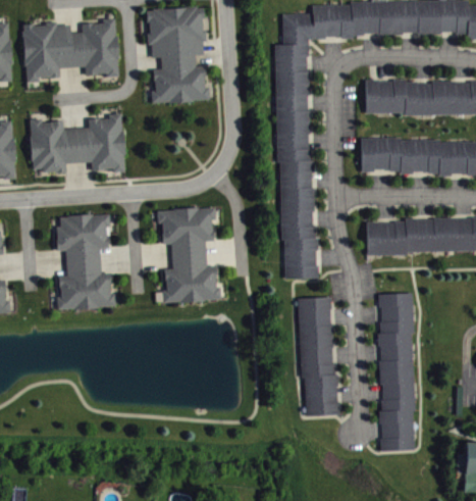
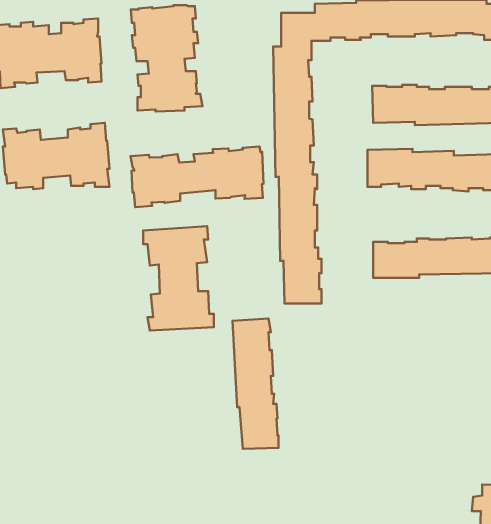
building: none -> [130,147,263,207]
building: [56,213,116,310] -> none
building: [378,292,415,451] -> none
building: [298,296,339,414] -> [233,319,279,449]

